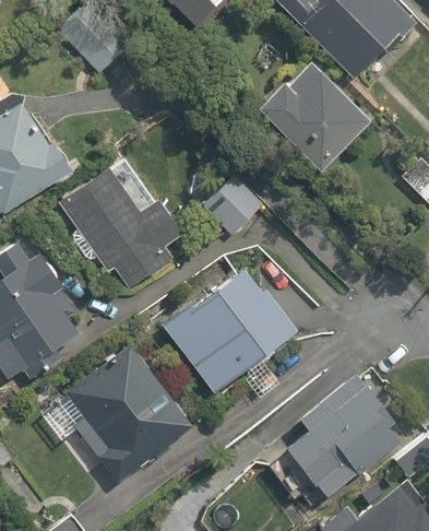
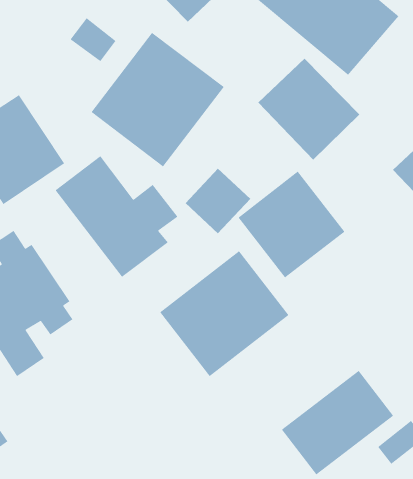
building: none -> [90,32,225,168]
building: none -> [237,171,345,279]
building: [67,343,194,480] -> none

